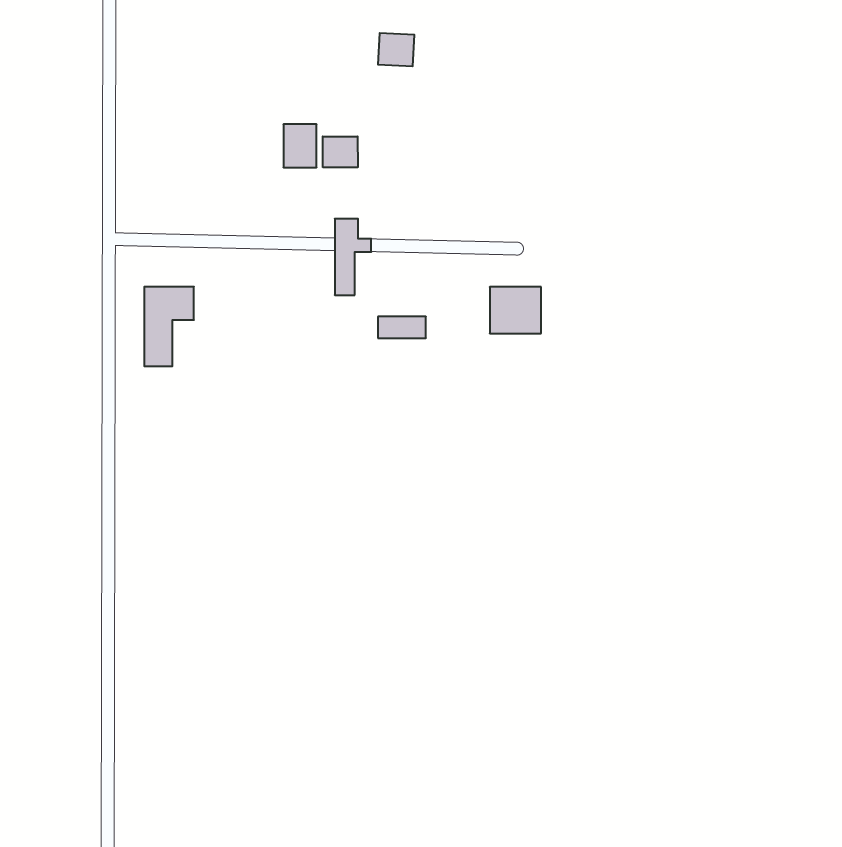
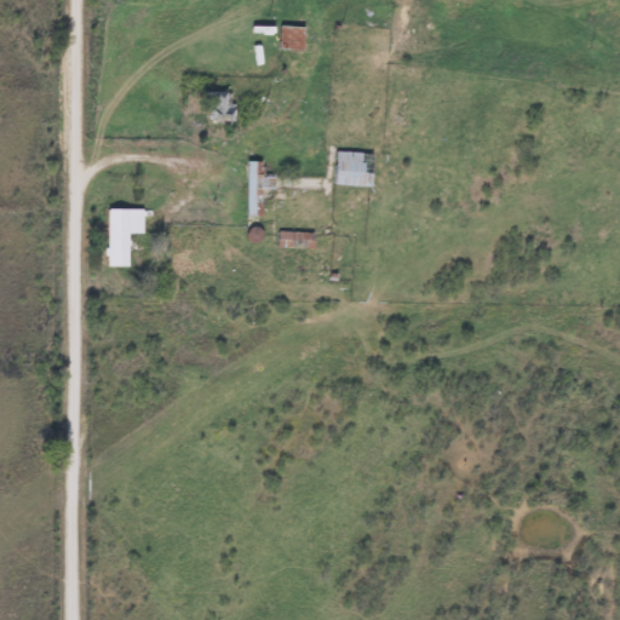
building: [323,136,358,167] -> none
building: [490,287,541,333] -> [335,151,373,185]

